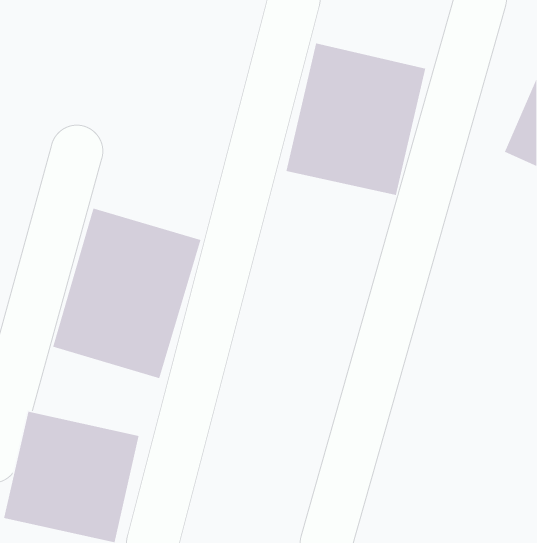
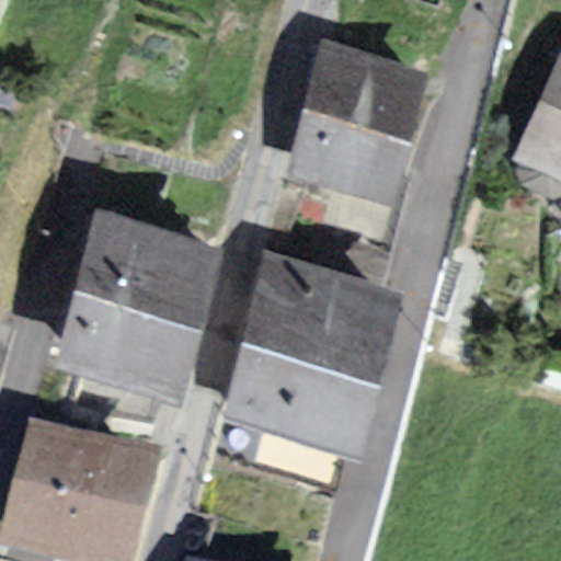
building: none -> [222,259,386,445]

